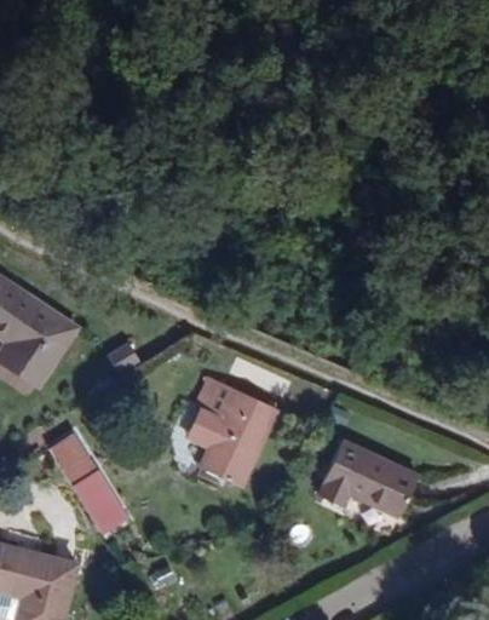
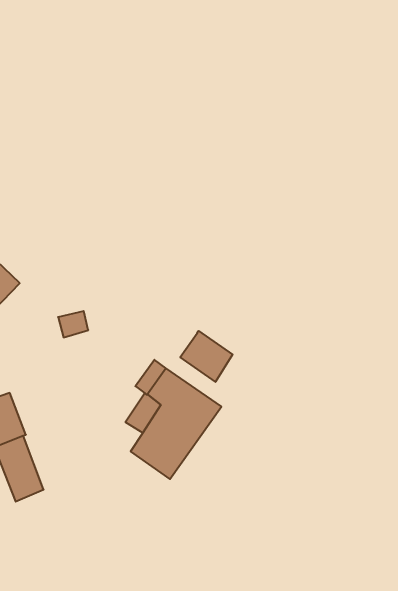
building: none -> [180,331,233,382]
building: [316,436,414,512] -> none

